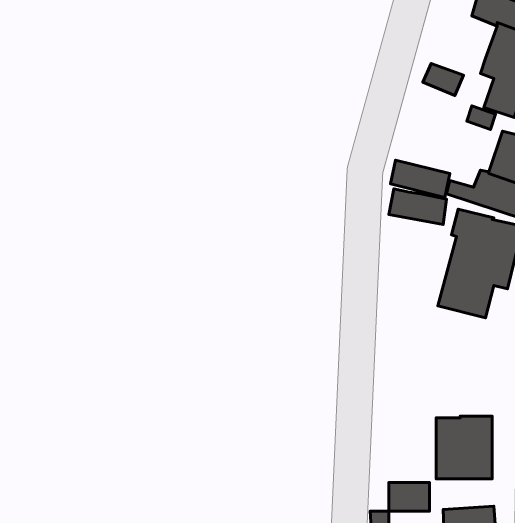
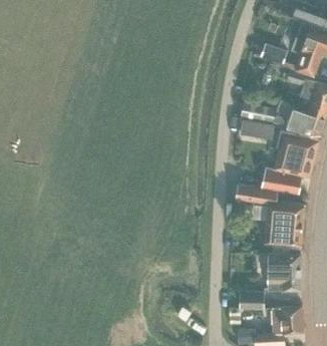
building: none -> [232,185,301,254]

